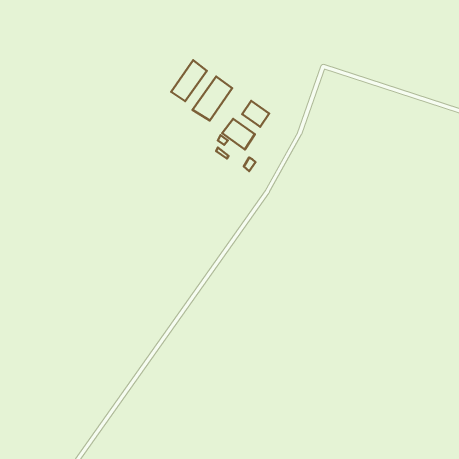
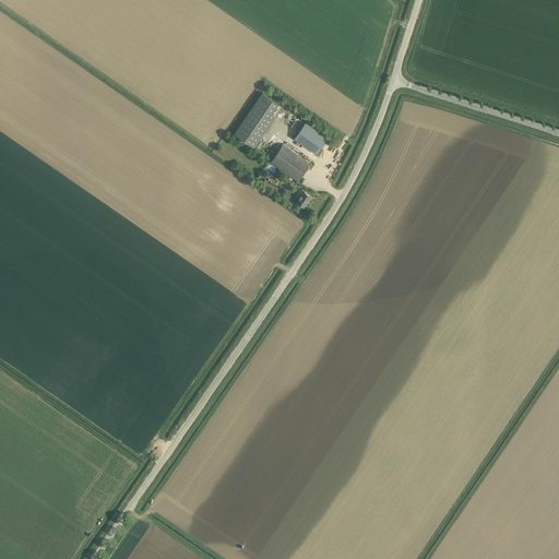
building: [171,60,207,101] -> none

